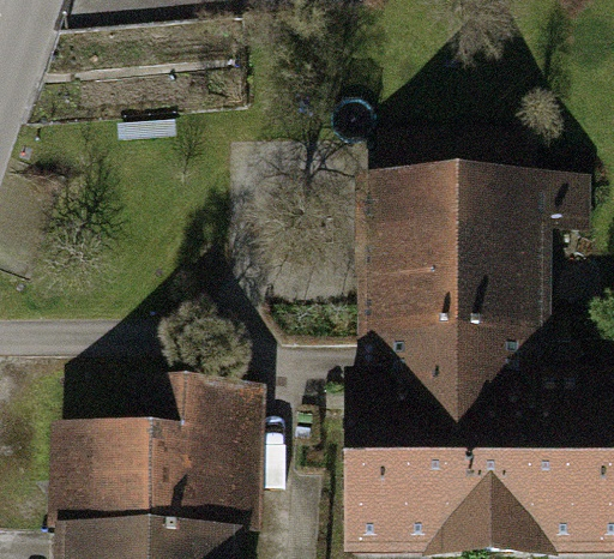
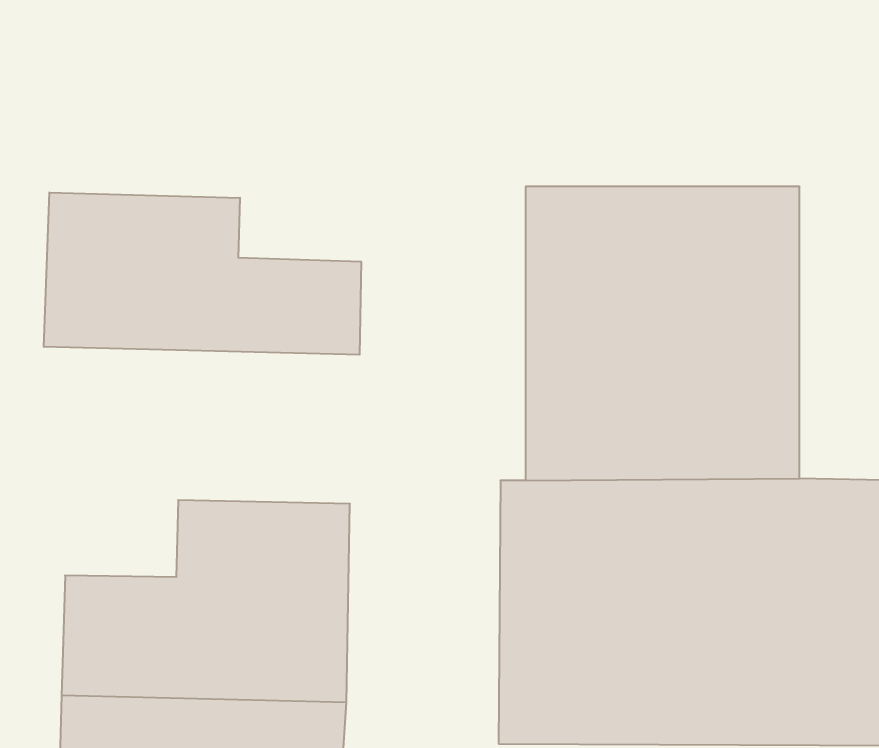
building: none -> [44,192,361,355]

